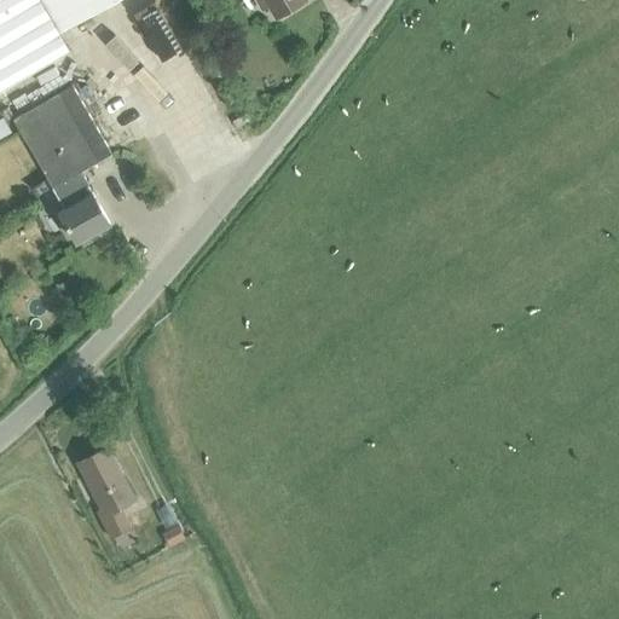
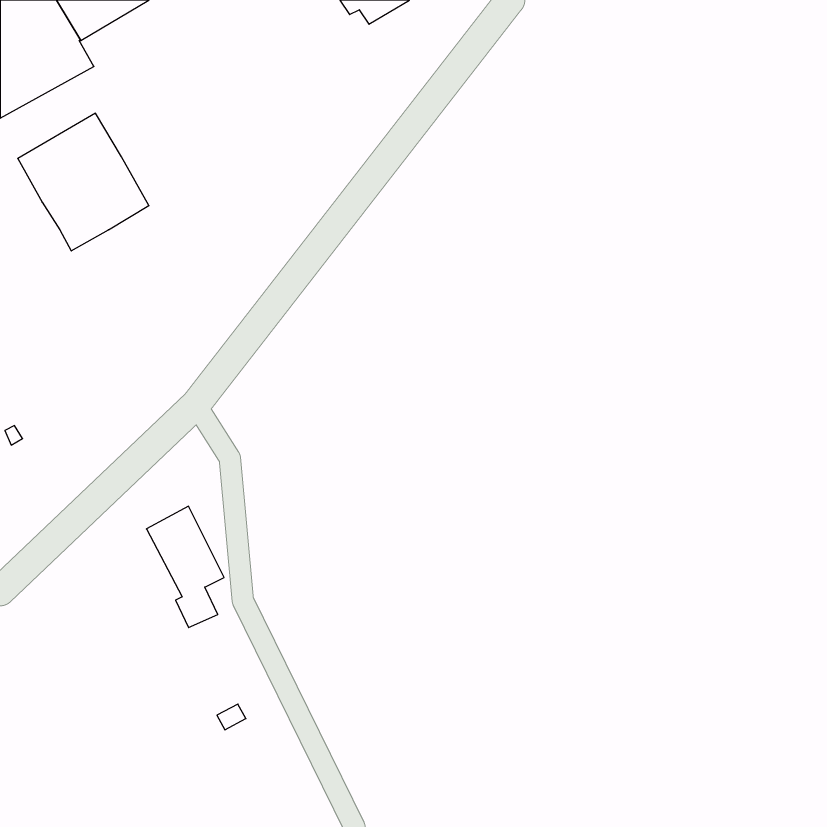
building: [53,172,110,243] -> none
building: [77,447,135,538] -> [146,506,224,628]

